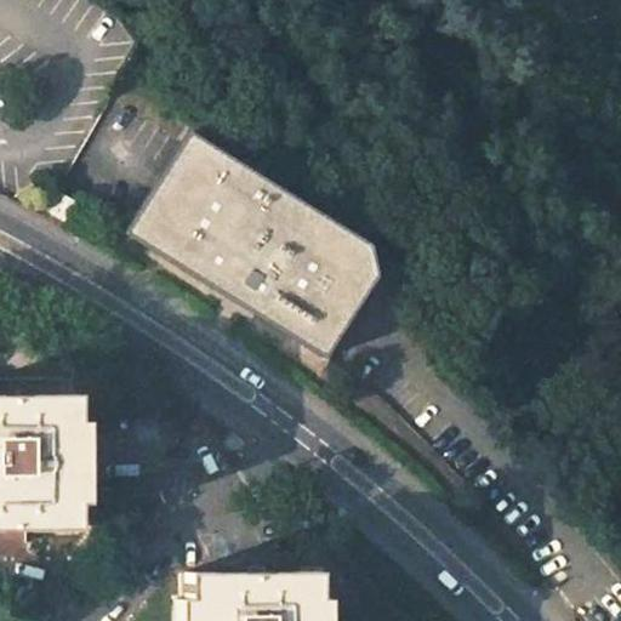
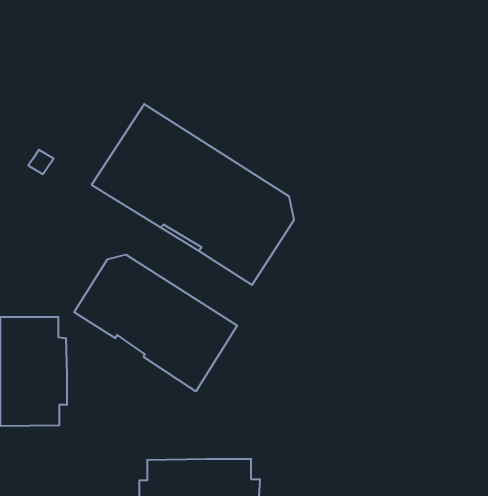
building: none -> [74,255,237,391]

